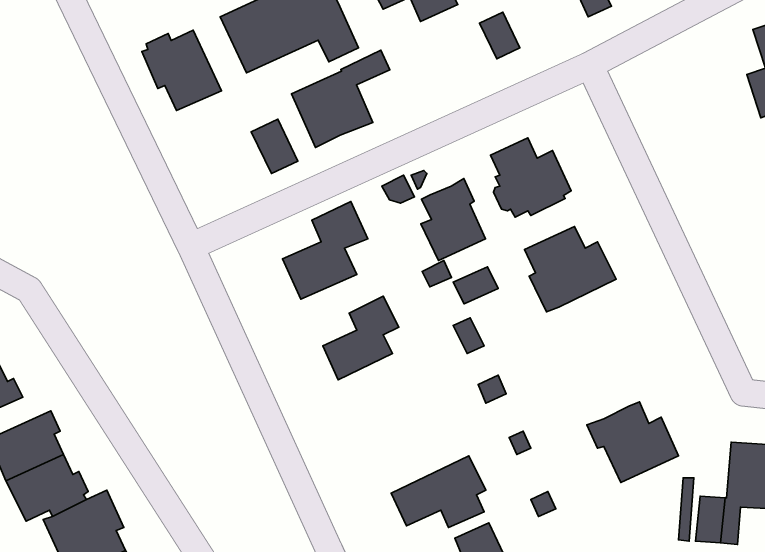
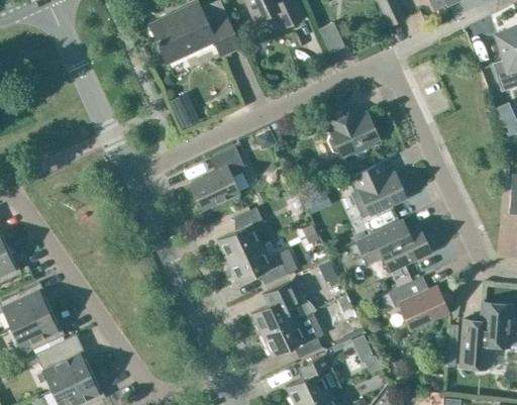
building: [142,30,222,110] -> none
building: [292,50,390,147] -> none
building: [421,179,485,261] -> none
building: none -> [355,220,428,271]
building: none -> [227,245,288,285]
building: none -> [251,282,317,336]

